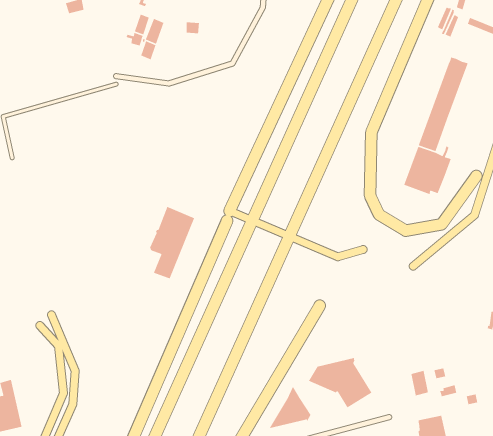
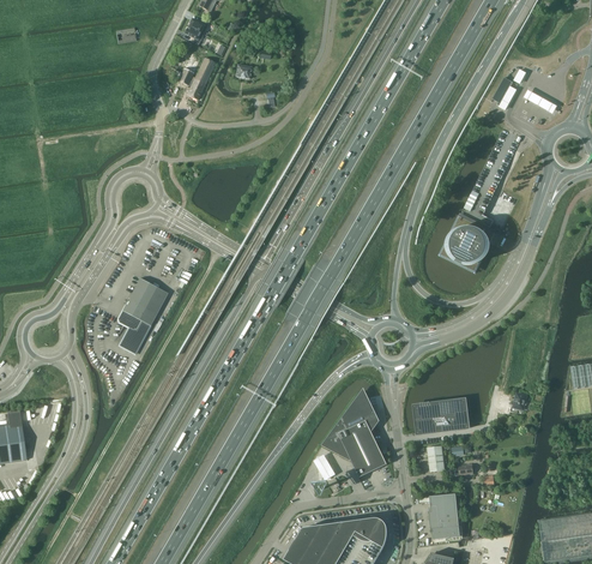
building: [149,206,195,279] -> [117,277,168,353]
building: none -> [412,397,470,434]
building: [268,385,311,429] -> [333,388,379,430]

